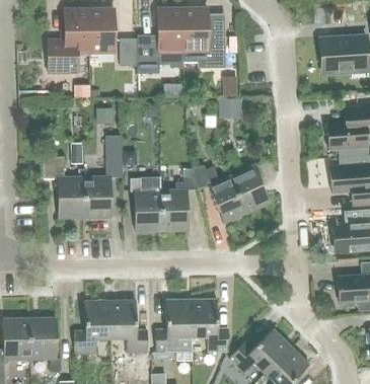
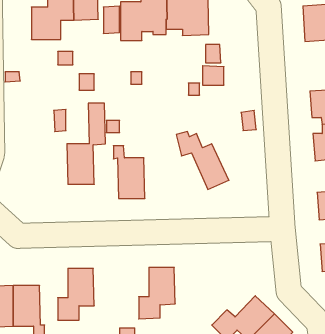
building: [44,156,85,218] -> none
building: [229,165,270,213] -> none
building: [161,167,199,231] -> none
building: [192,299,229,351] -> none
building: [110,300,148,352] -> none

